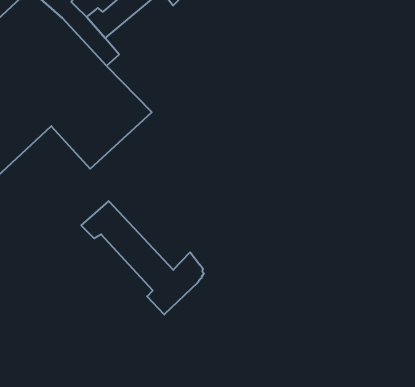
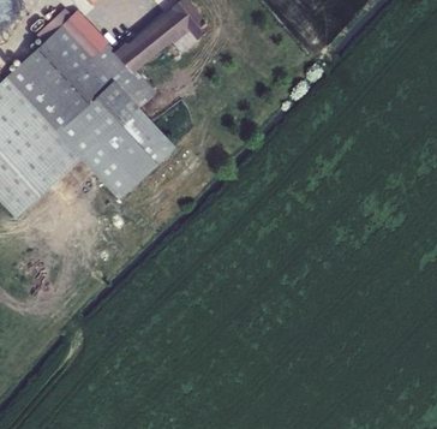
building: [81,201,204,315] -> none

